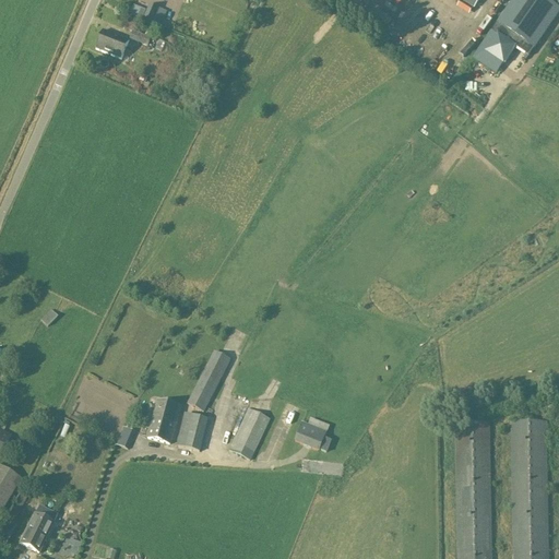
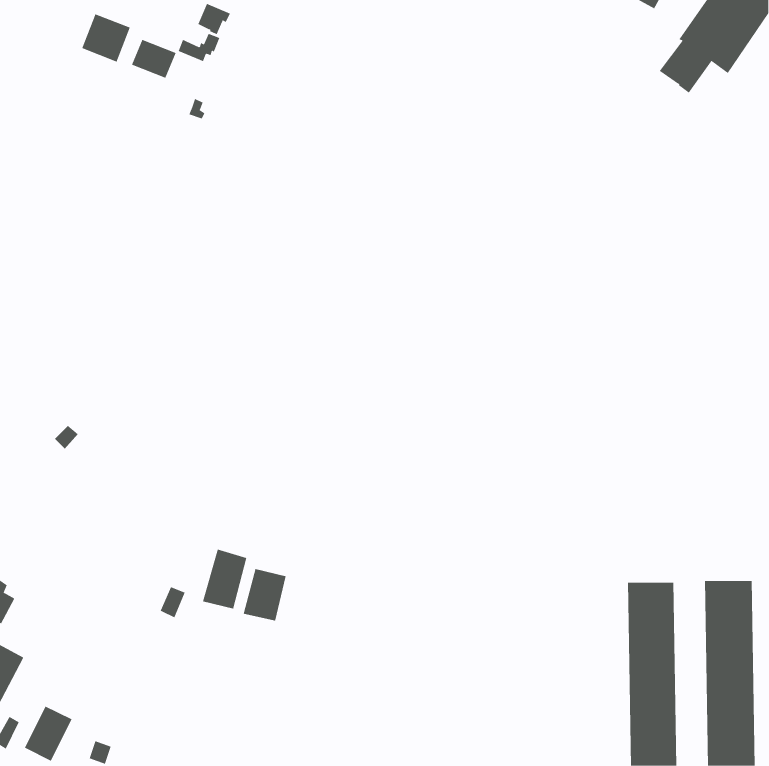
building: none -> [81,13,131,62]
building: [183,349,229,409] -> none
building: [228,406,269,457] -> none
building: [294,420,331,451] -> none

